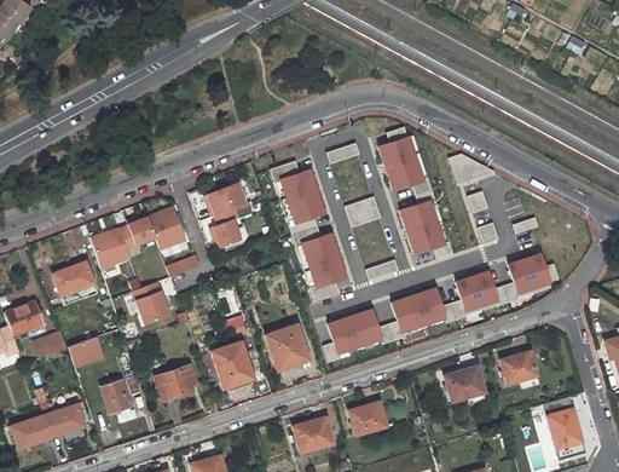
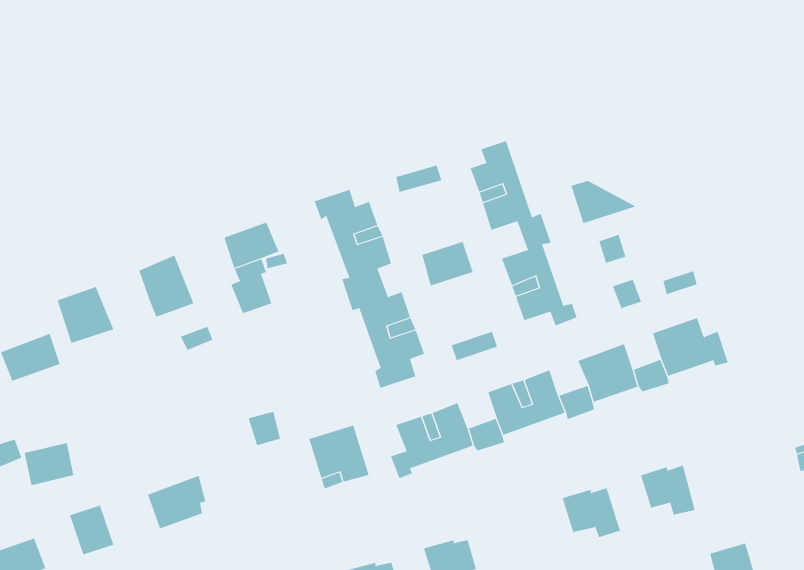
building: [120,218,156,251] -> none
building: [133,283,169,324] -> none
building: [214,340,255,388] -> none

